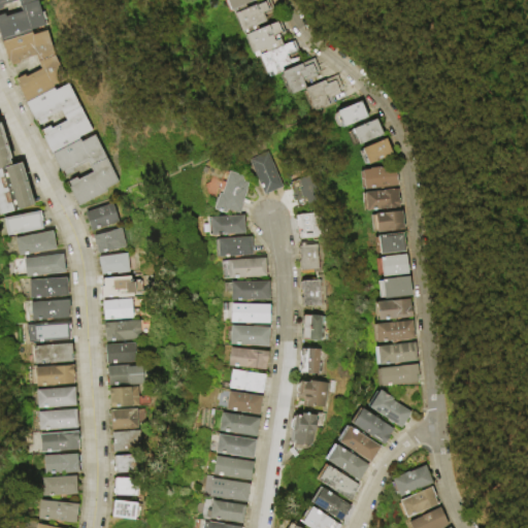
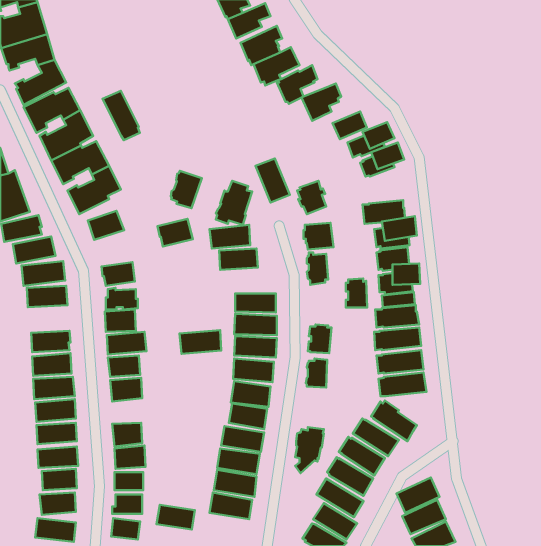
building: none -> [102,91,140,140]
building: none -> [171,171,202,208]
building: [353,172,395,195] -> none
building: [98,228,132,255] -> [158,219,193,247]
building: [228,259,268,282] -> [179,330,221,354]
building: [304,277,325,305] -> [346,279,367,307]
building: [32,297,71,318] -> none
building: [298,378,330,406] -> none
building: [112,386,135,407] -> none
building: [207,498,244,522] -> [157,505,195,530]

